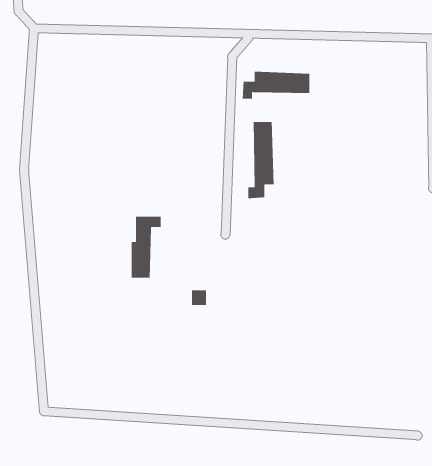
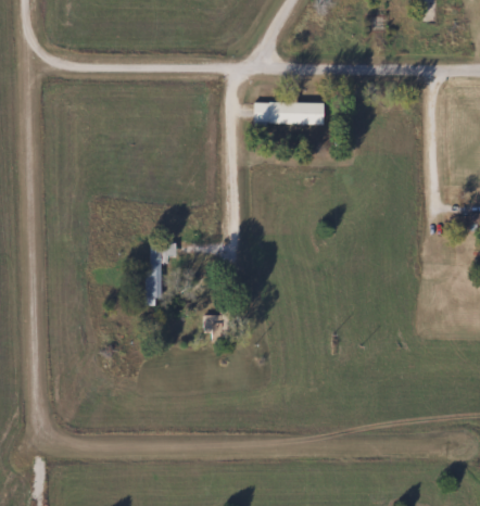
building: [247,121,274,199] -> none

